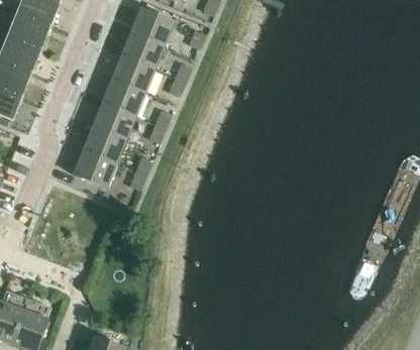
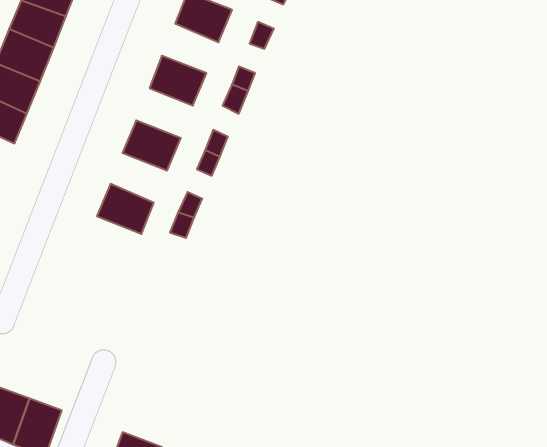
building: [123,27,166,65] -> none
building: [104,76,146,113] -> none
building: [85,124,127,161] -> none

